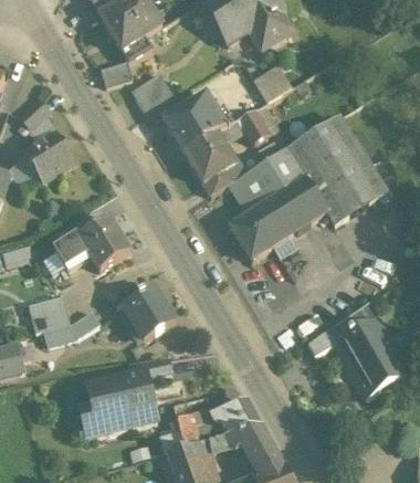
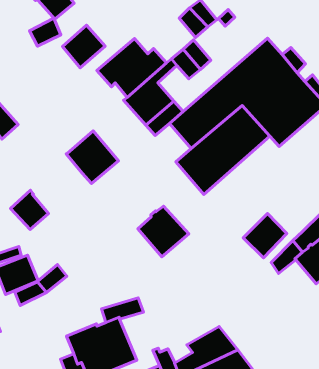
building: [77,217,129,270] -> [66,131,119,184]
building: [123,288,174,339] -> [138,206,189,257]
building: none -> [243,214,287,258]

